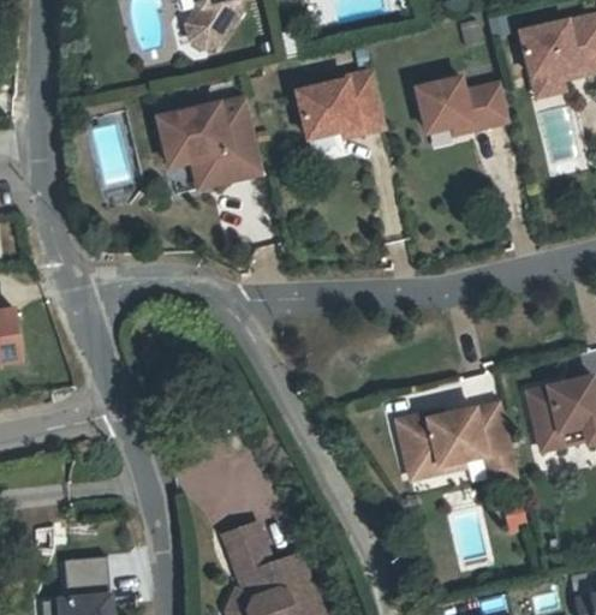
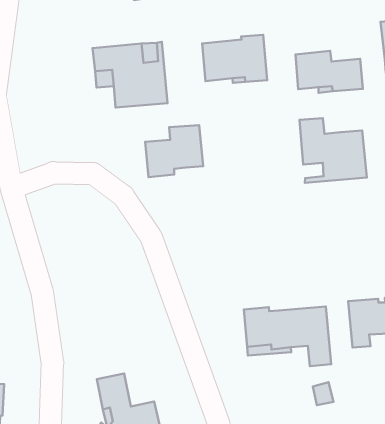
building: none -> [299,118,367,183]
building: none -> [145,125,203,177]

